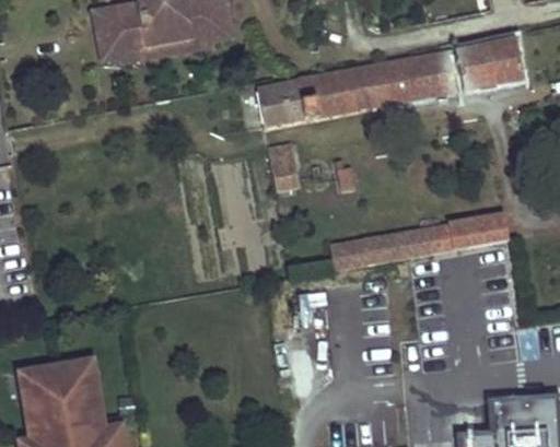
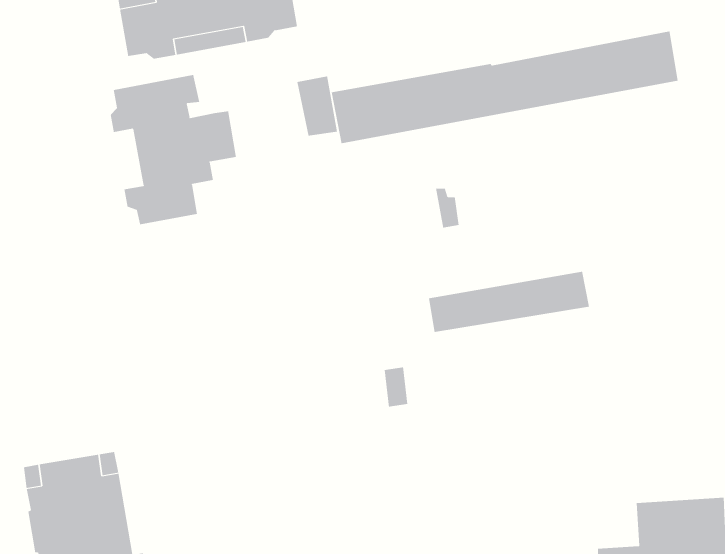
building: none -> [110,74,237,225]
building: [267,142,299,188] -> [296,76,338,136]
building: [448,213,509,250] -> none

